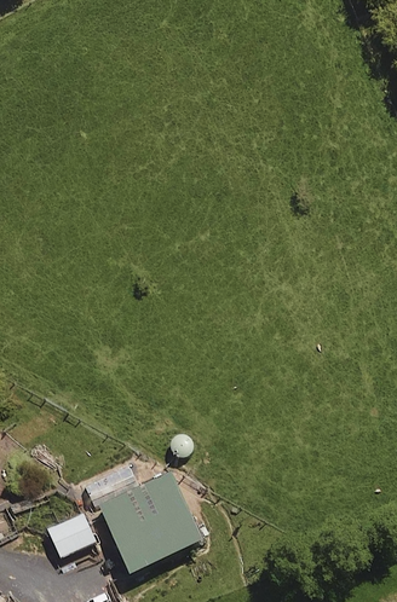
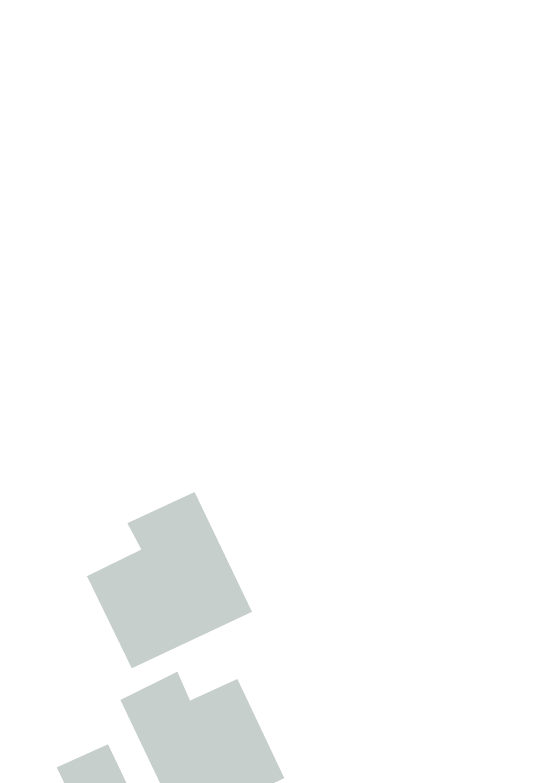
building: none -> [86,491,253,669]

